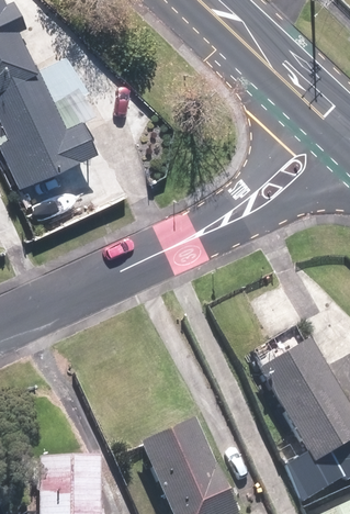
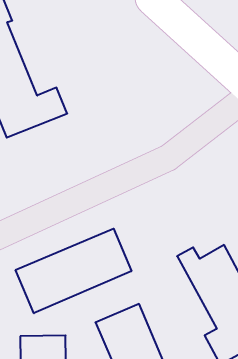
building: none -> [16,229,131,313]

